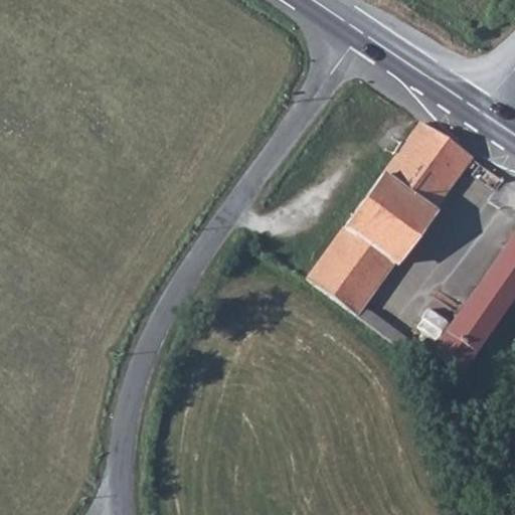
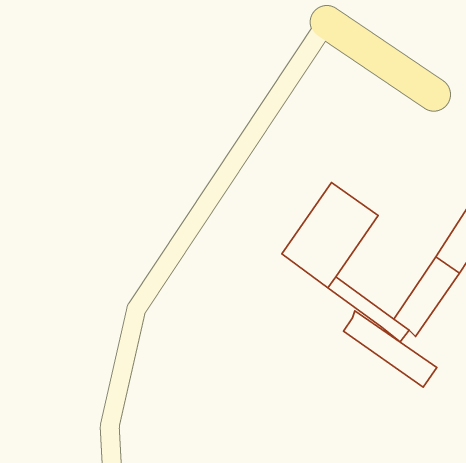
building: [366,119,474,236] -> none
building: none -> [344,311,437,387]

